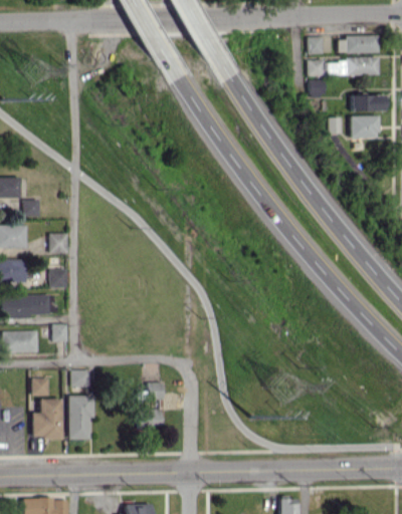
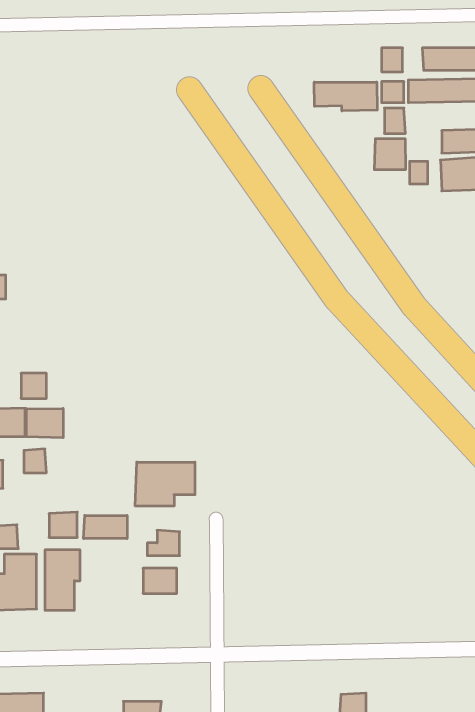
building: none -> [314,82,377,111]
building: none -> [374,139,405,170]
building: [50,233,68,253] -> none
building: none -> [26,408,63,438]
building: none -> [135,462,195,506]
building: none -> [84,515,127,539]

